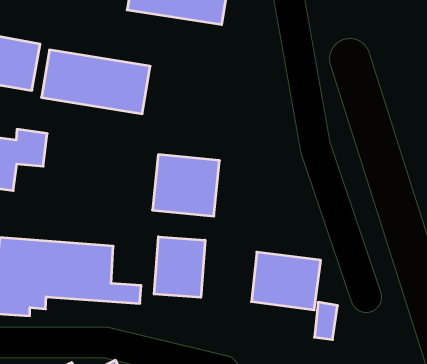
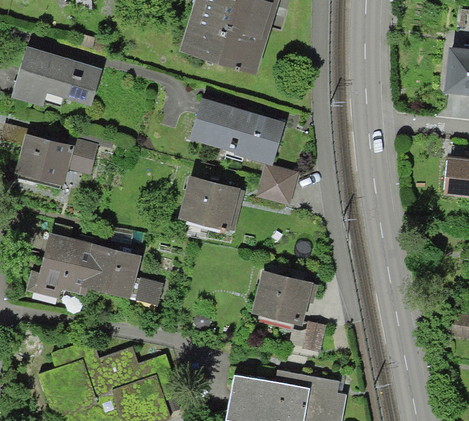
building: [41,50,150,114] -> [189,99,284,163]
building: none -> [254,165,297,207]
building: [154,237,205,297] -> none

